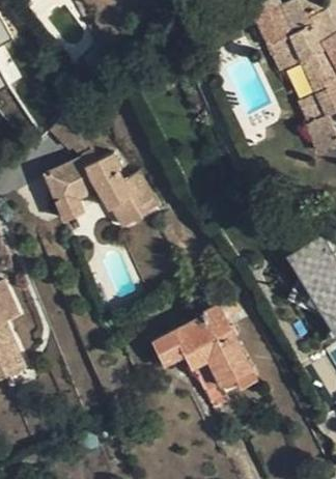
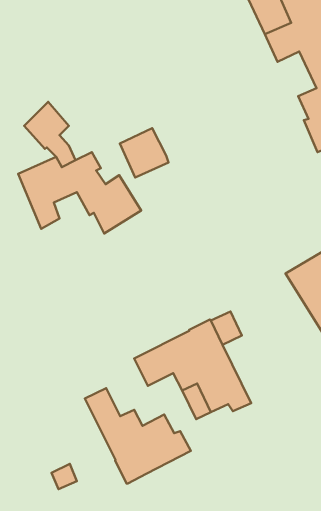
building: none -> [120,128,169,178]
building: none -> [85,388,191,484]

